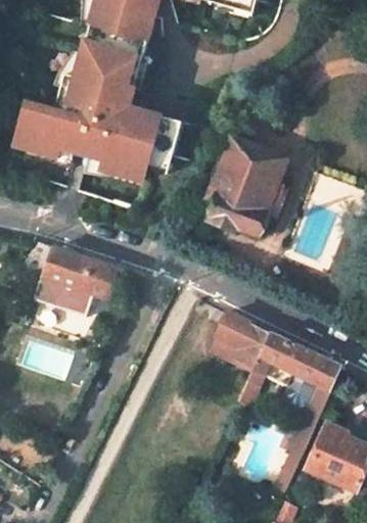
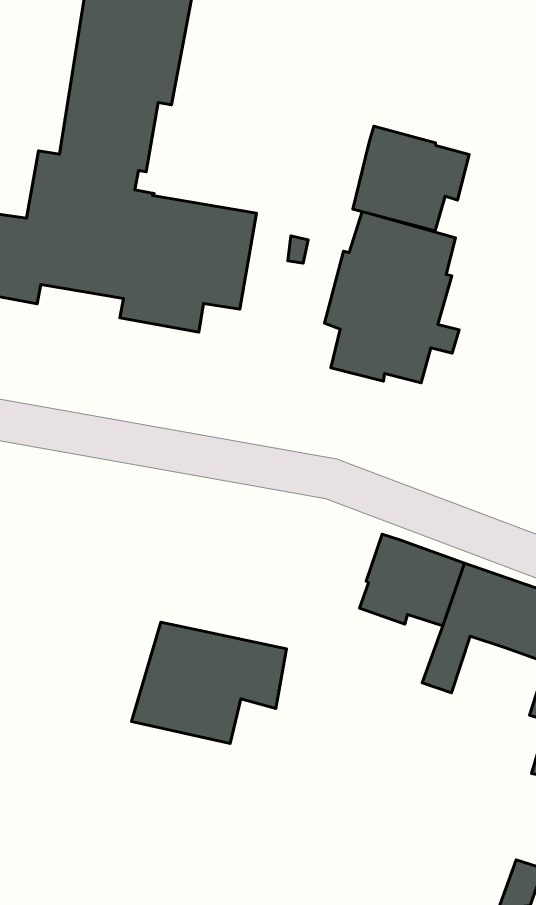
building: none -> [353,126,469,231]
building: [33,245,121,315] -> [132,622,287,743]

